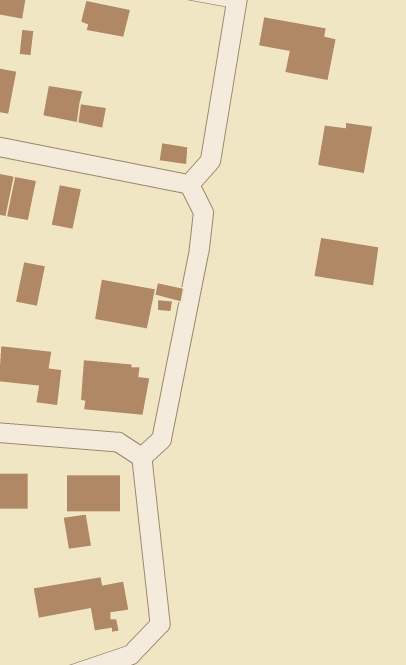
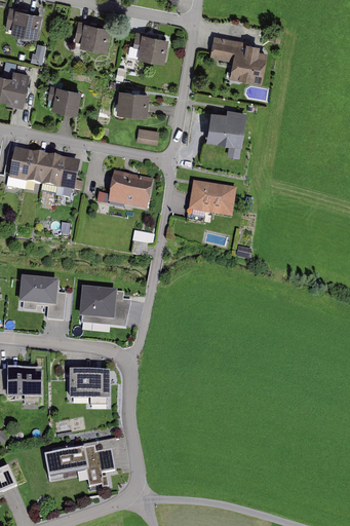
building: none -> [135,32,167,61]
building: none -> [115,87,148,114]
building: [317,122,373,174] -> [205,107,246,145]
building: [314,237,379,286] -> [187,180,235,216]
building: [15,262,46,306] -> [40,154,63,187]
building: [94,279,156,329] -> [107,171,152,208]
building: [63,514,92,550] -> none

